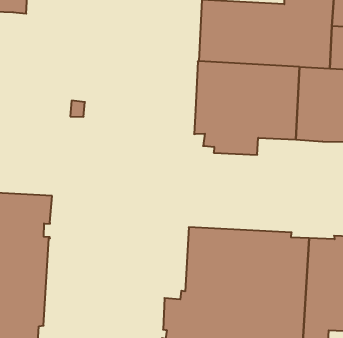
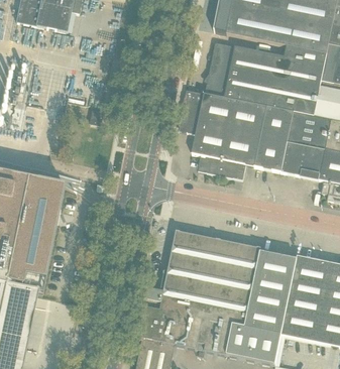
building: none -> [179,89,204,132]

